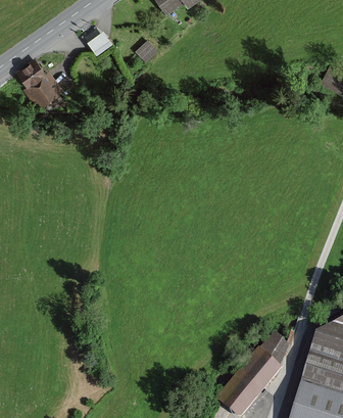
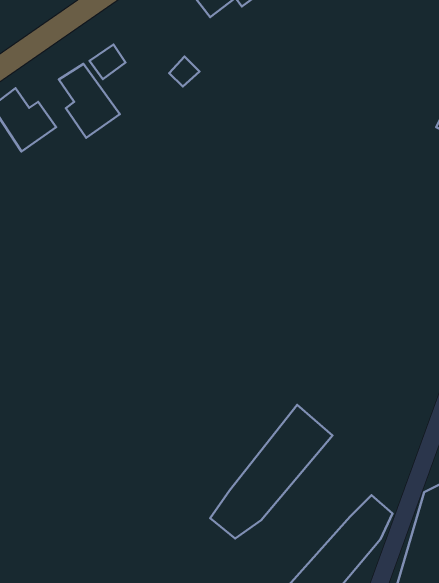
building: none -> [59,64,120,138]
building: none -> [210,405,332,539]

